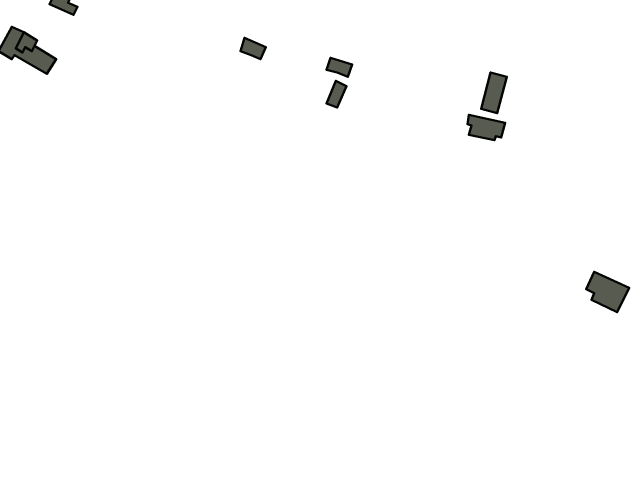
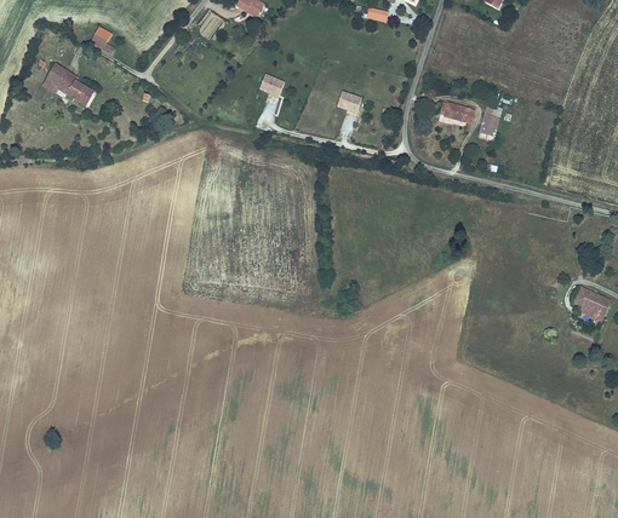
building: [468,115,505,140] -> [441,102,475,125]

